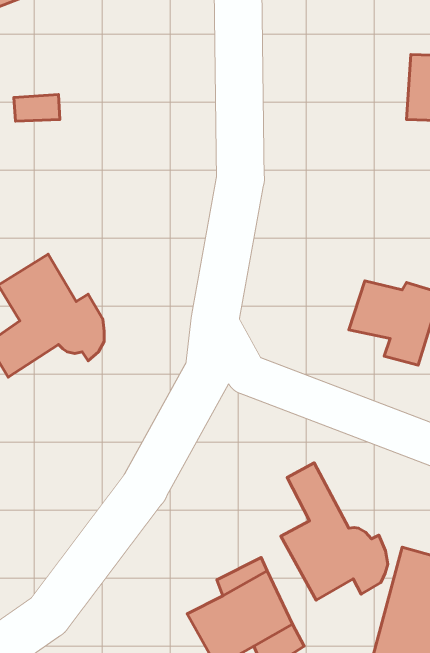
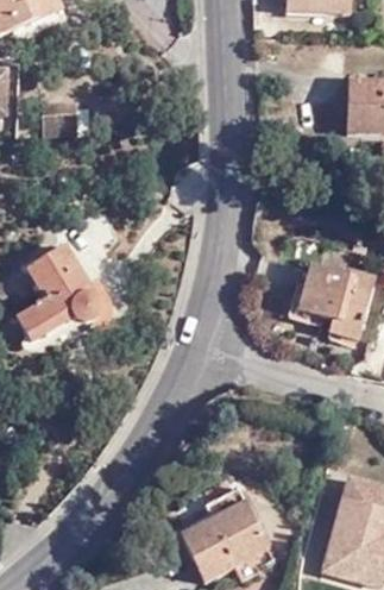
building: [281,463,388,600] -> none

